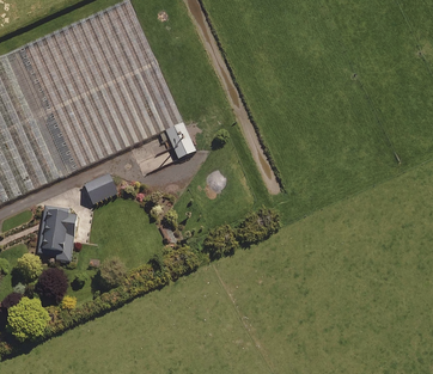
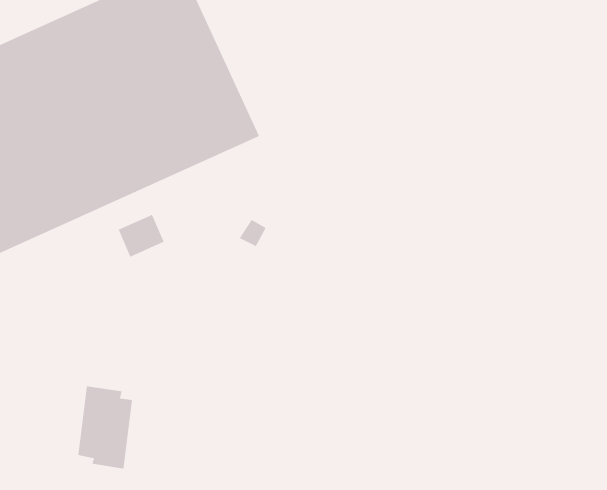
building: [37,204,75,262] -> [78,386,133,469]

